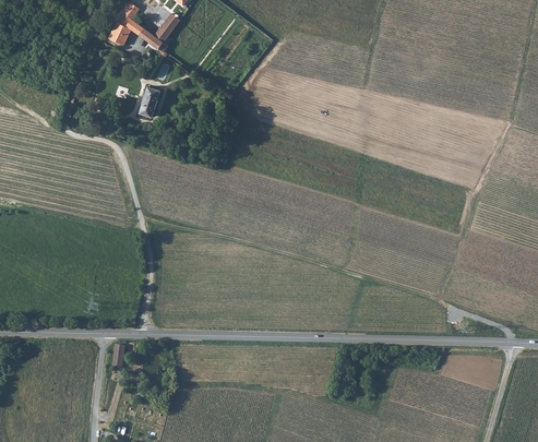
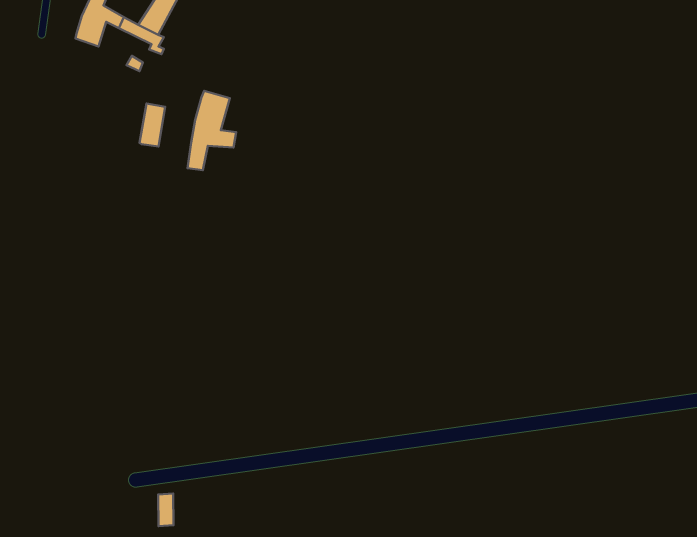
building: none -> [187,91,236,170]

